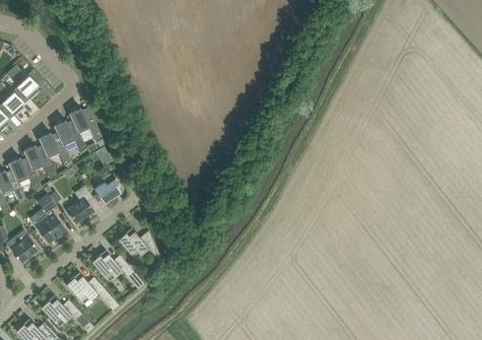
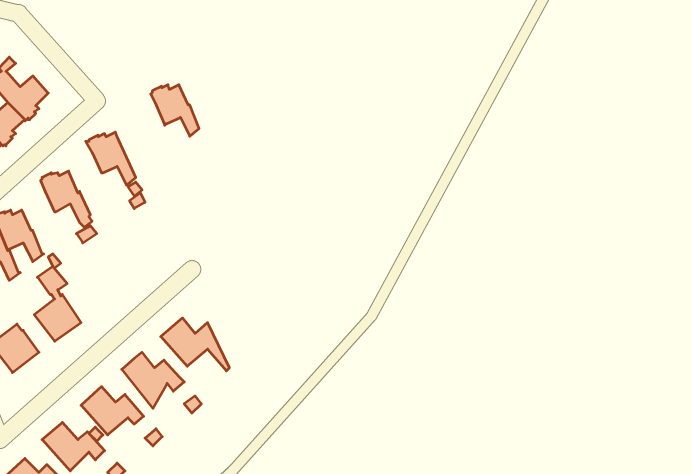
building: [54,120,85,153] -> [151,85,199,136]
building: [23,145,56,179] -> none
building: [93,173,121,204] -> none
building: [66,185,93,223] -> none

